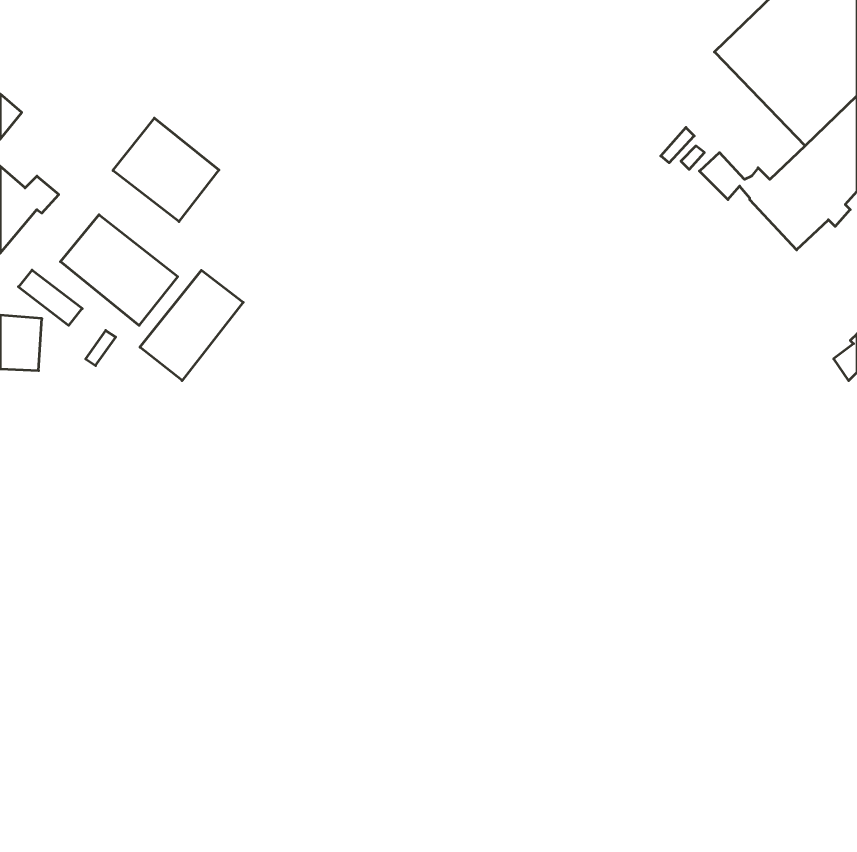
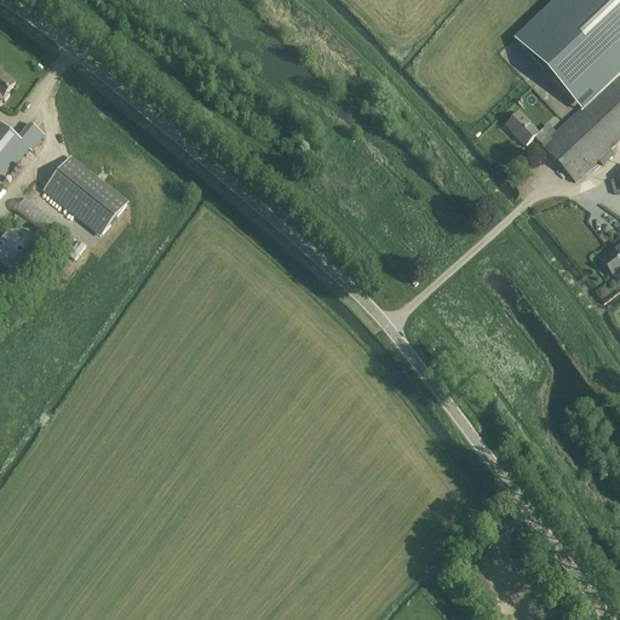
building: [113,118,219,222] -> none
building: [140,270,243,381] -> none

